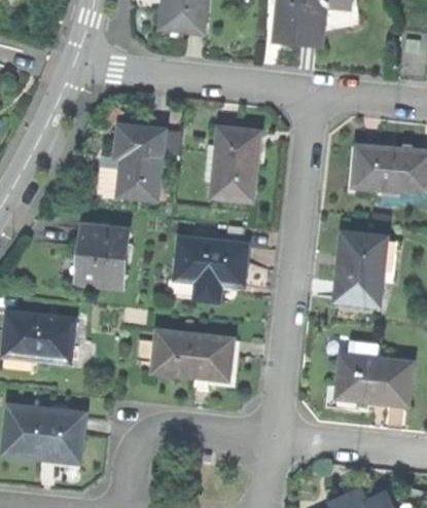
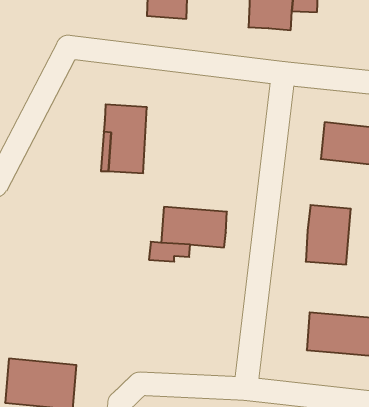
building: [213,129,259,202] -> none
building: [75,233,120,288] -> none
building: [6,316,74,361] -> none
building: [152,332,233,380] -> none

